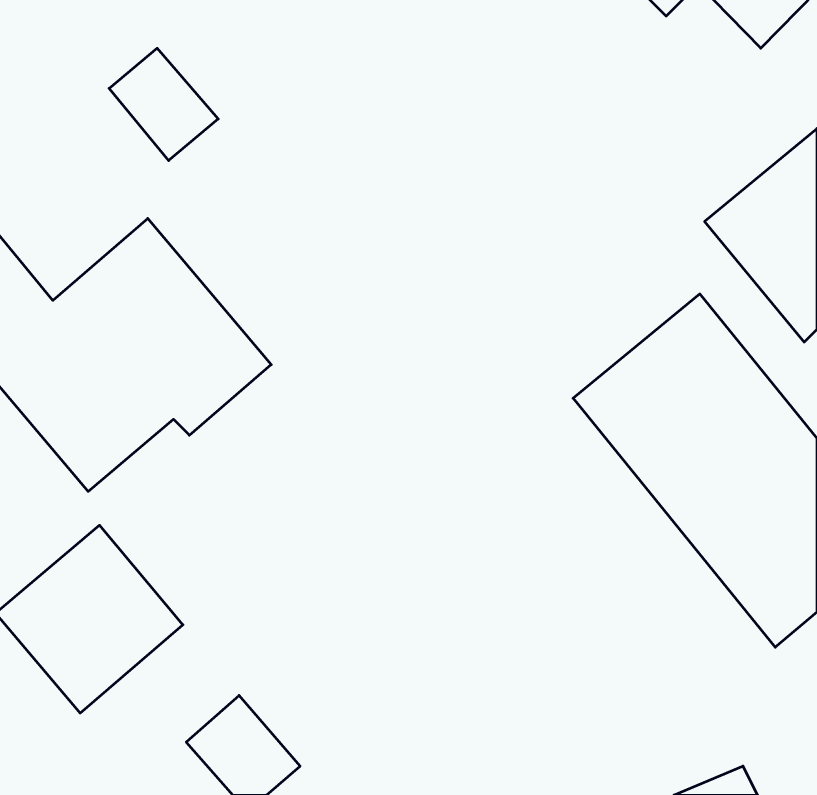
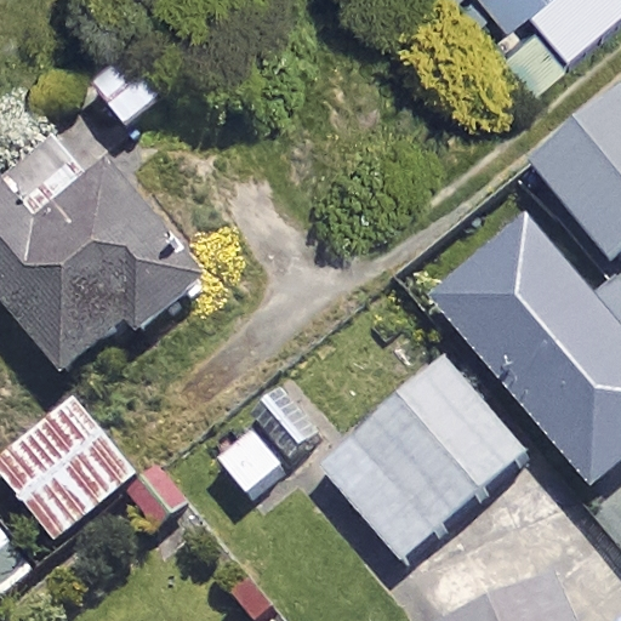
building: none -> [323,357,525,556]

